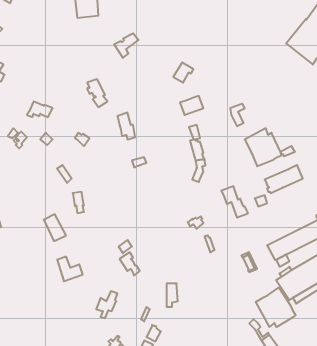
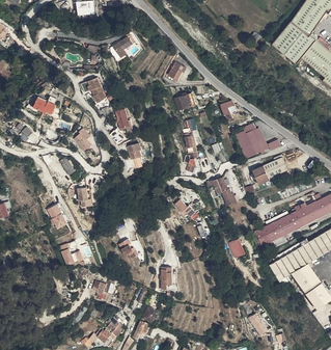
building: [256,288,296,327] -> none

